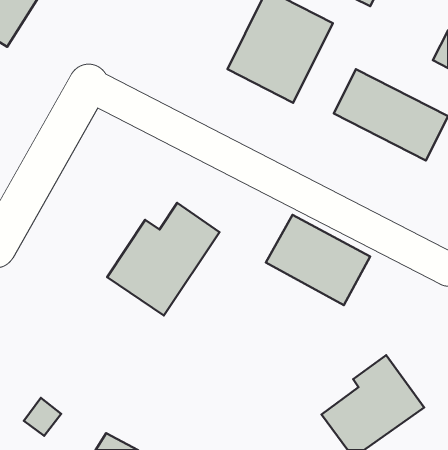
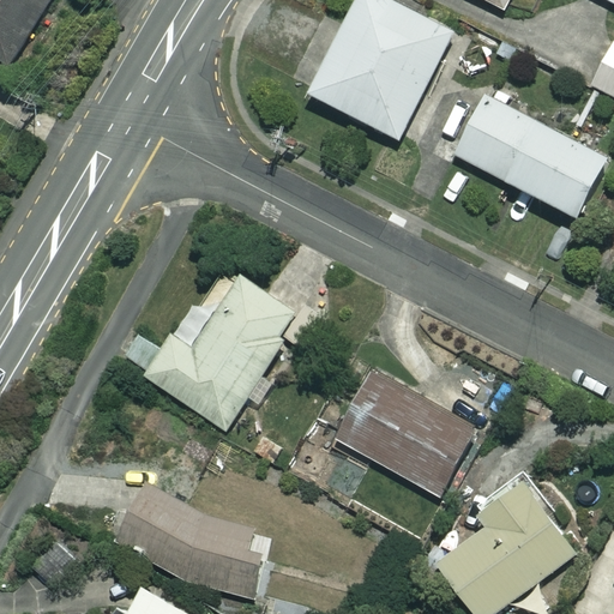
building: [266,215,370,305] -> [333,373,475,495]
building: none -> [115,484,270,598]

